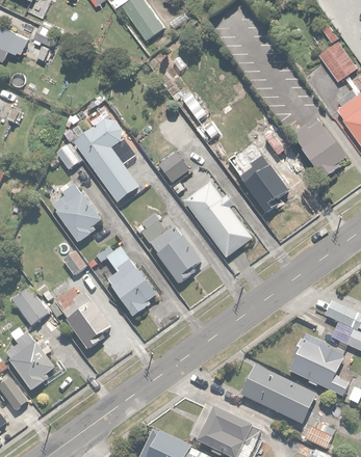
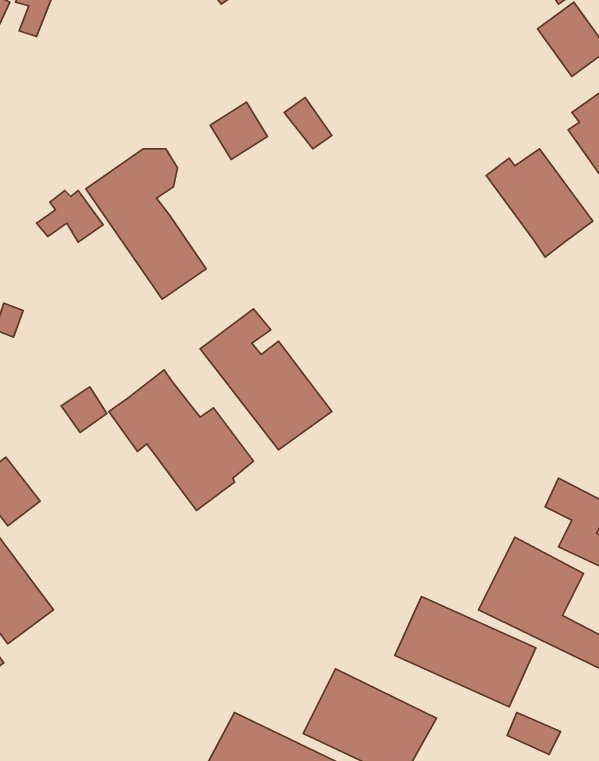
building: [238,129,290,212] -> none
building: [157,152,188,183] -> [210,102,268,159]
building: [183,179,255,258] -> none
building: [50,183,101,243] -> none
building: [54,288,114,349] -> none

